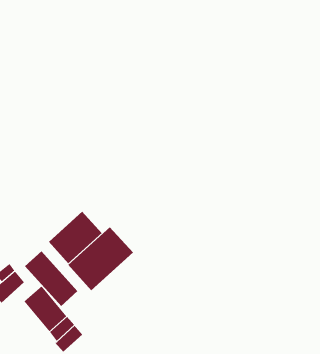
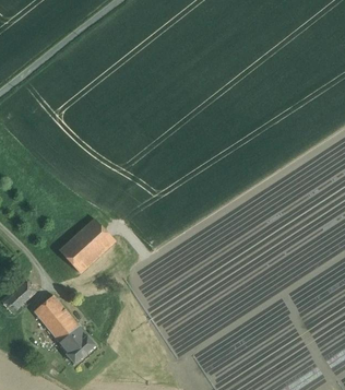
building: [67,226,134,291] -> none
building: [24,251,78,307] -> none

